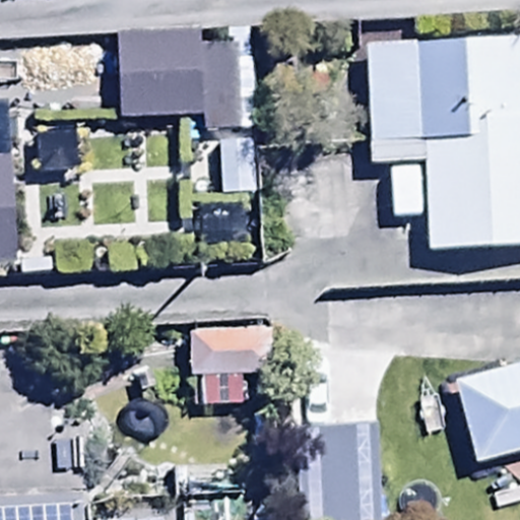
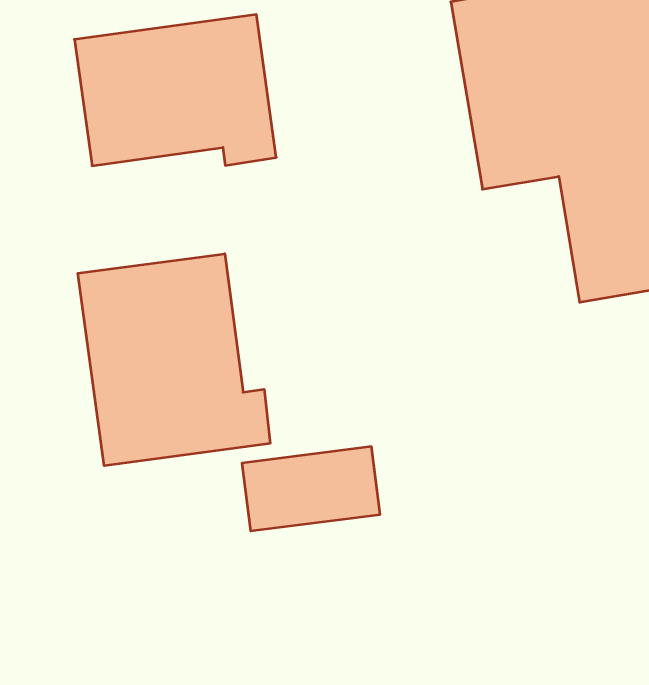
building: none -> [78,254,270,466]

